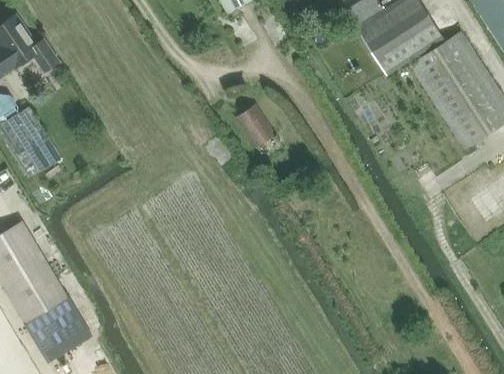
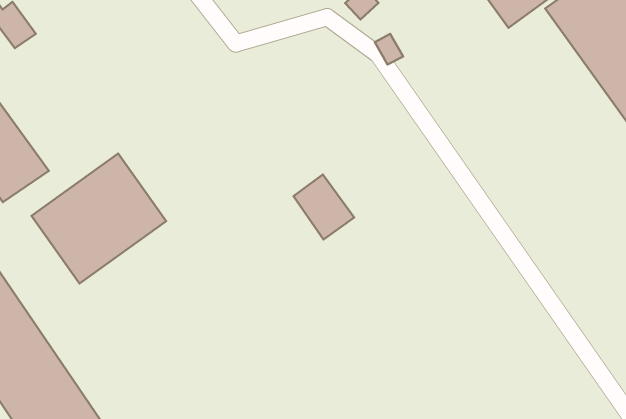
building: [234,104,275,149] -> [294,174,354,239]
building: none -> [31,154,166,283]

